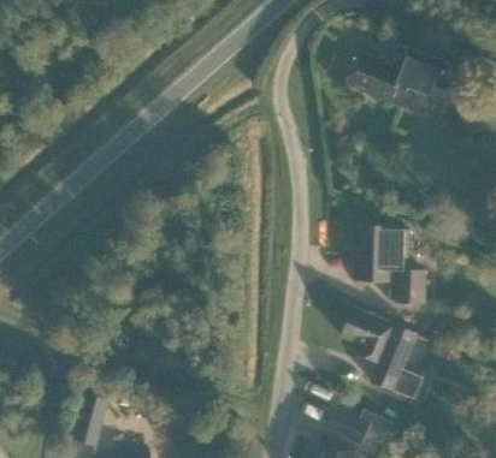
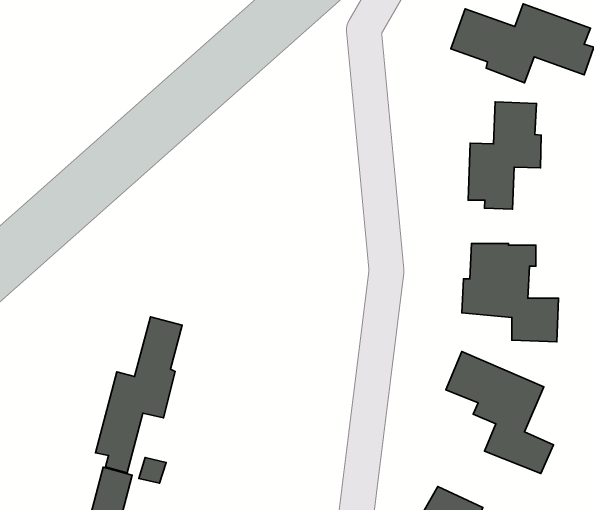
building: none -> [468,102,541,209]
building: none -> [96,317,182,473]

